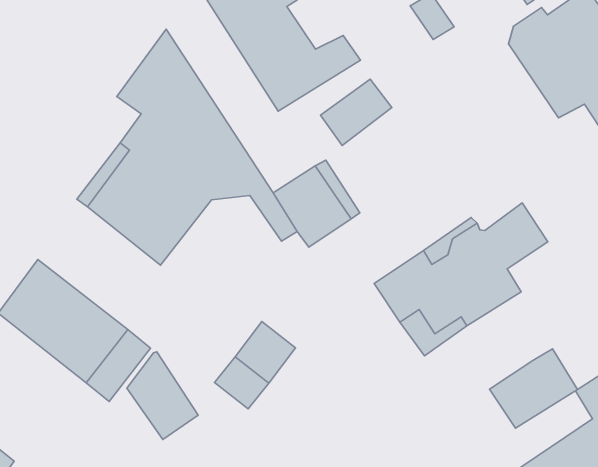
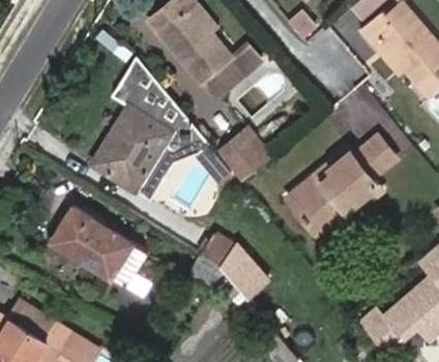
building: [490,349,578,428] -> none
building: [127,352,198,439] -> [225,243,271,298]

